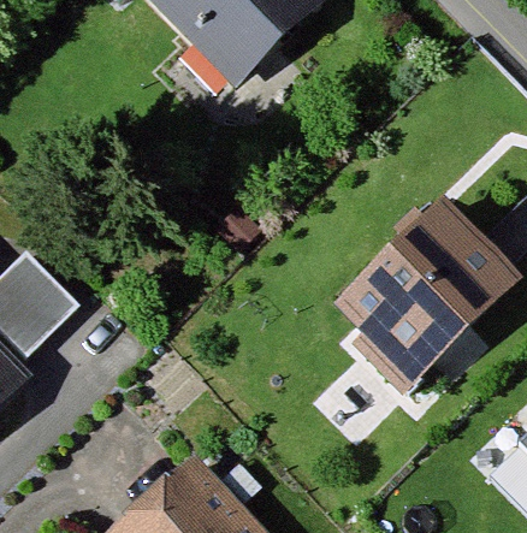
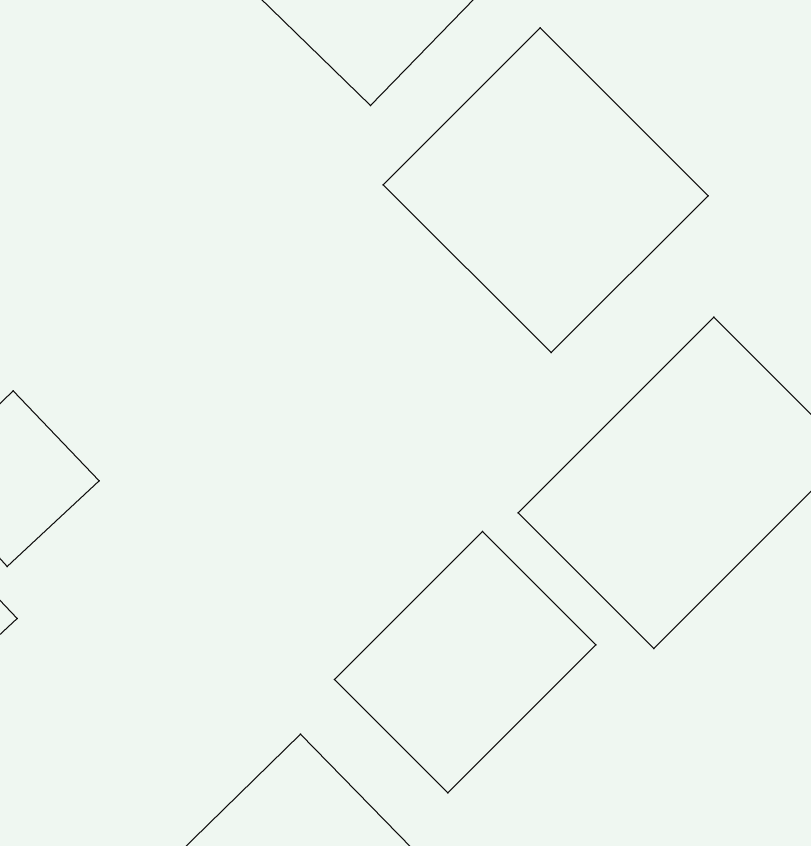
building: none -> [383,28,708,353]
building: none -> [334,532,596,793]

